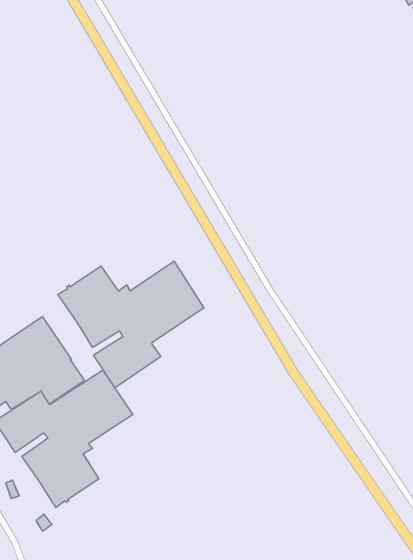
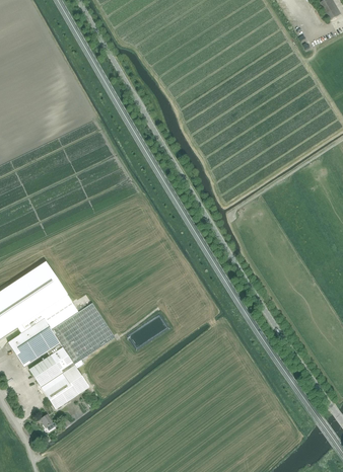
building: [58,261,204,388] -> none

